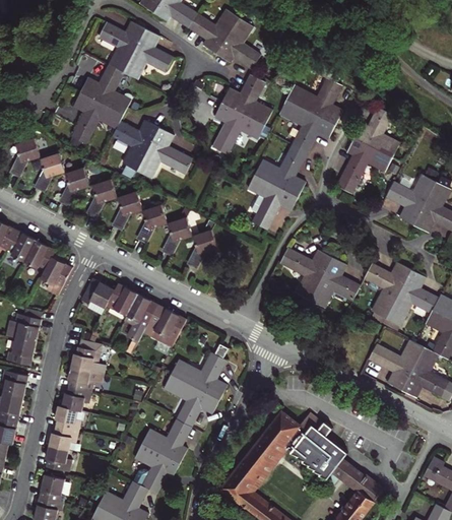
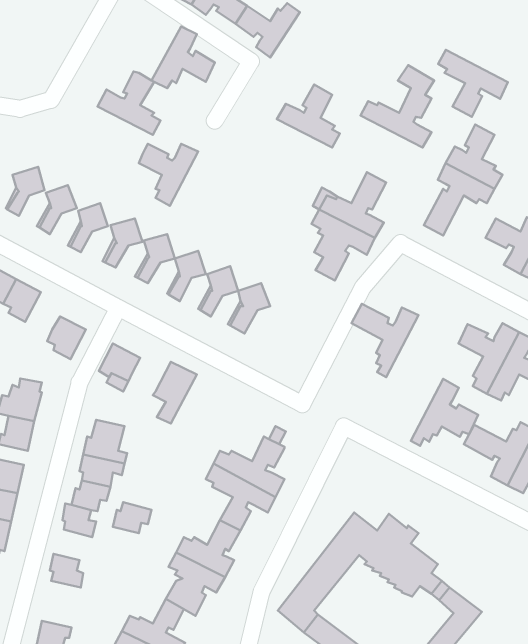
building: [216,18,261,69] -> none
building: [99,22,146,72] -> none
building: [71,92,124,145] -> none
building: [281,100,336,152] -> [438,50,508,117]
building: [213,103,265,155] -> none
building: [137,128,193,177] -> none
building: [23,239,55,269] -> none
building: [308,257,361,310] -> [411,379,478,446]
building: [108,282,138,317] -> none
building: [143,304,188,348] -> none
building: [46,426,76,450] -> [113,502,152,533]
building: [37,474,71,503] -> none

